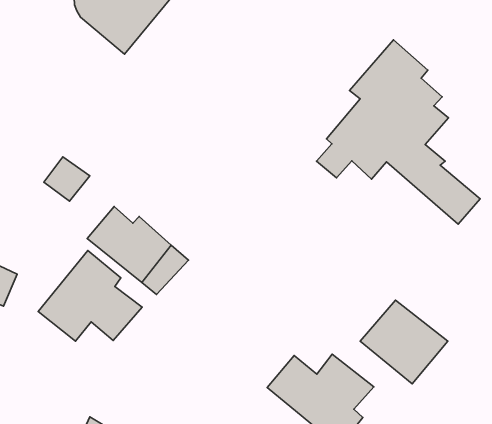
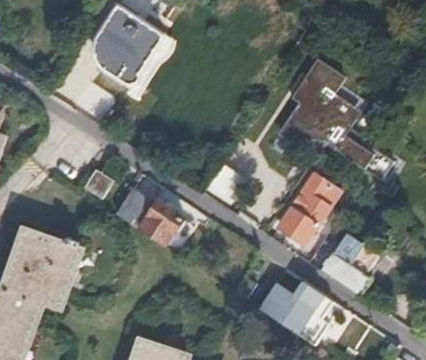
building: none -> [280,170,341,237]
building: [38,251,142,341] -> none

